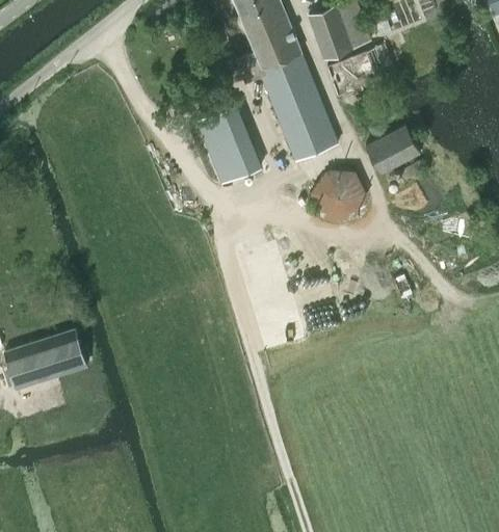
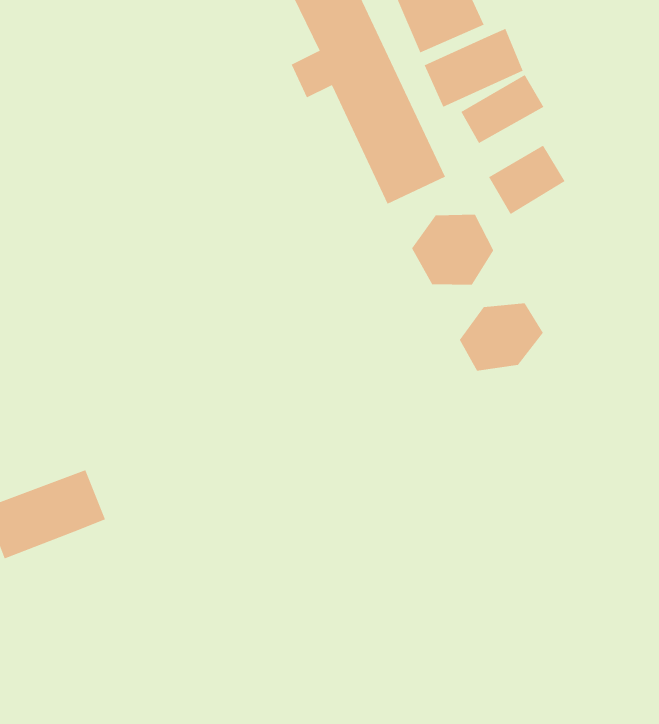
building: none -> [461,74,544,144]
building: [198,106,260,183] -> none
building: none -> [459,302,543,371]

